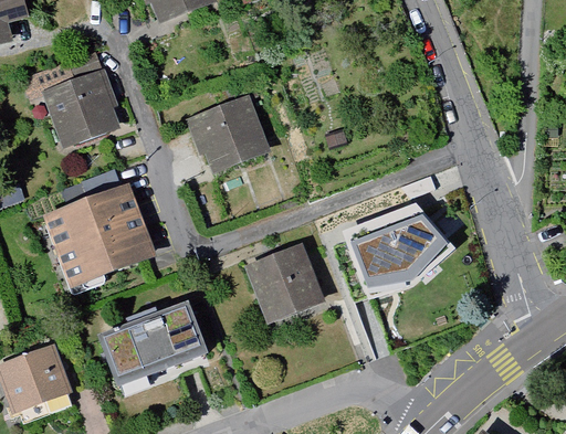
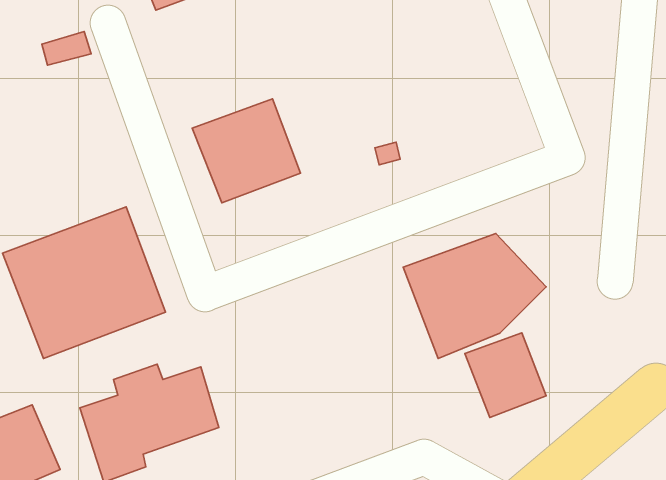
building: [40,71,124,149] -> none
building: [242,245,324,322] -> none
building: none -> [465,333,546,417]

